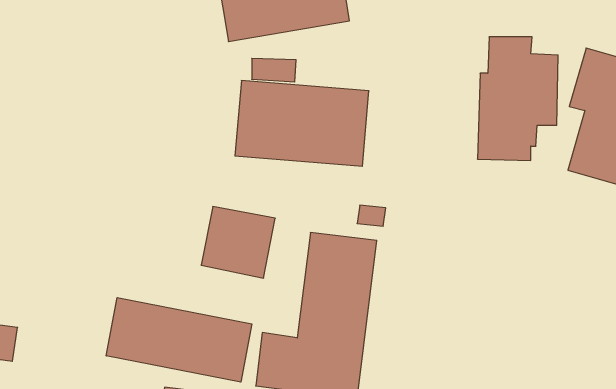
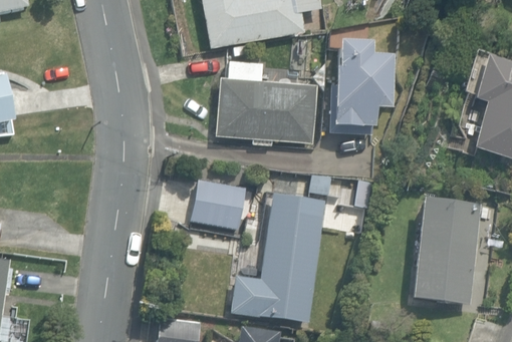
building: [477,37,558,160] -> [329,41,392,136]
building: none -> [411,196,480,304]
building: [106,298,252,382] -> none

